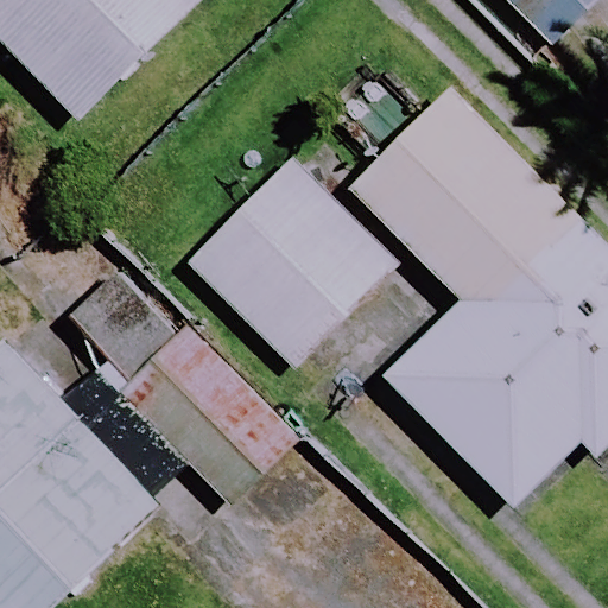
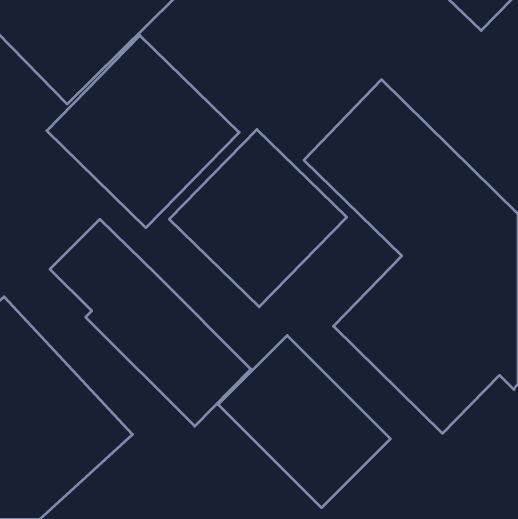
building: none -> [47,35,239,228]
building: none -> [218,335,390,508]

